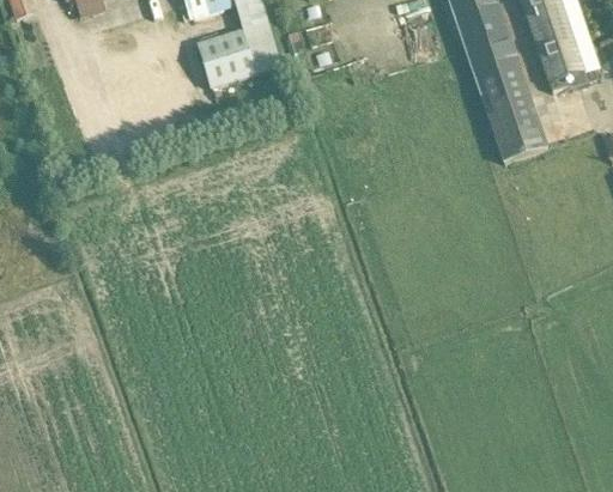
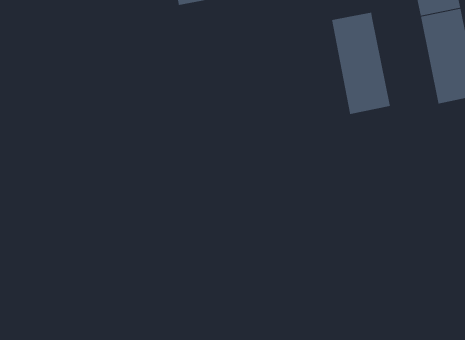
building: none -> [332,12,391,115]

